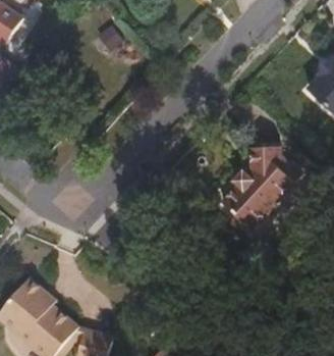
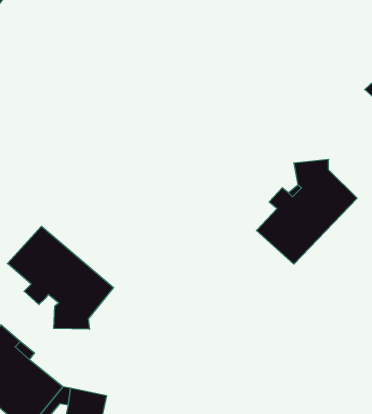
building: none -> [7,226,114,329]

